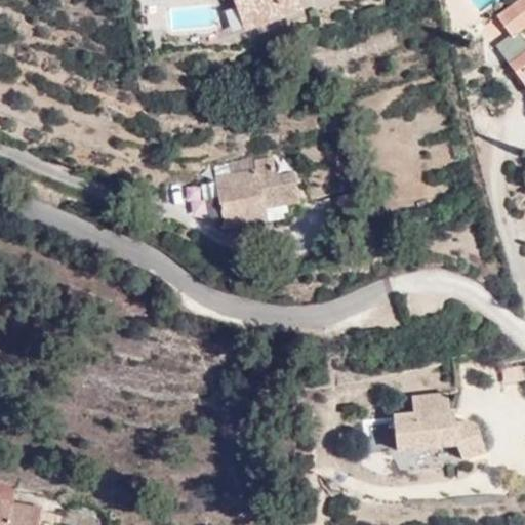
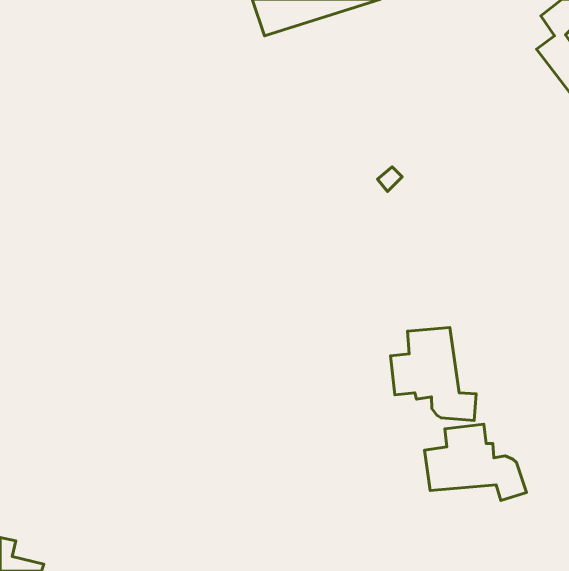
building: [214,154,298,228] -> none
building: none -> [390,327,476,421]

